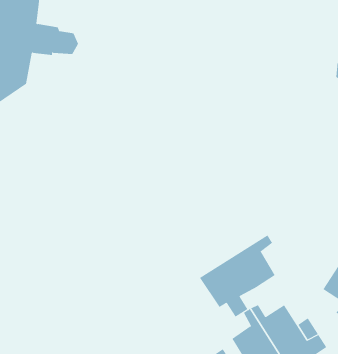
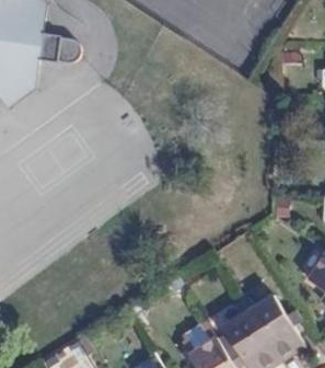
building: [199,234,276,317] -> none

